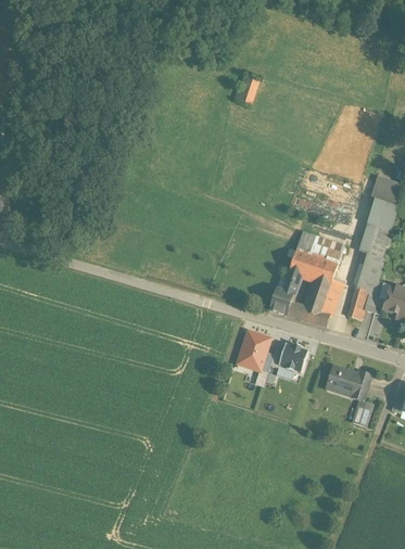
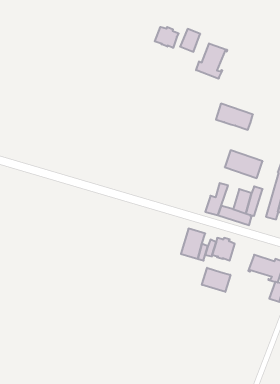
building: none -> [155,27,179,48]
building: none -> [196,43,227,79]
building: [289,252,337,285] -> [216,104,253,130]
building: none -> [202,268,230,292]

